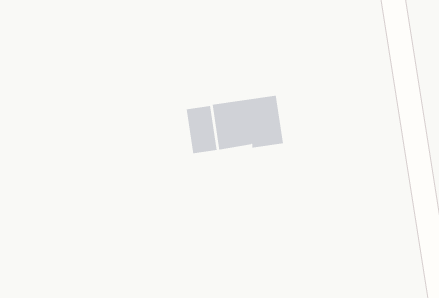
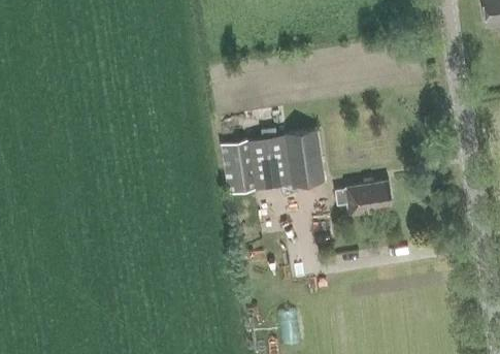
building: none -> [334,181,393,215]

